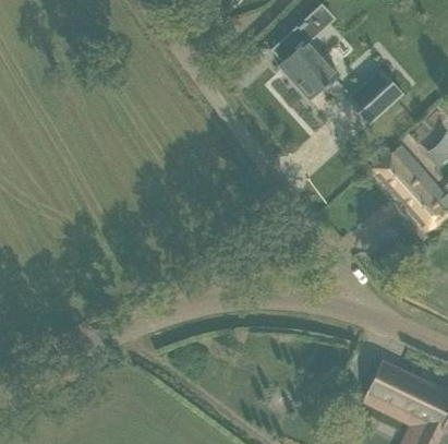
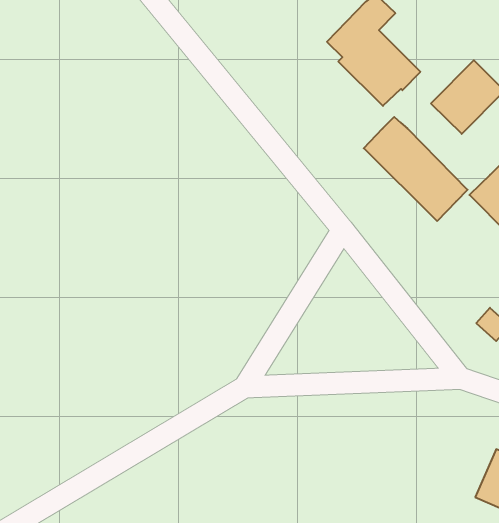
building: none -> [364,117,468,221]

